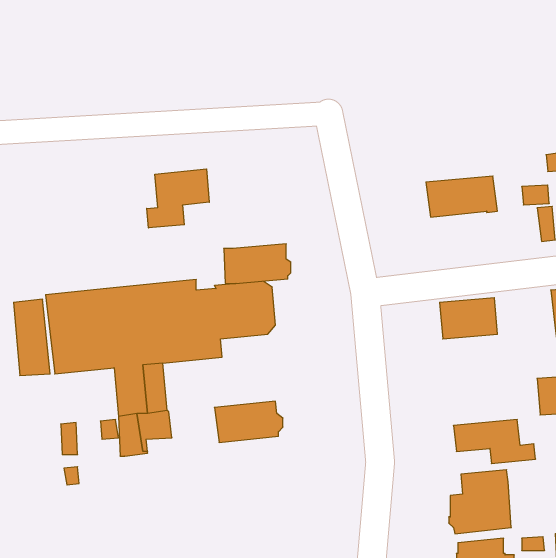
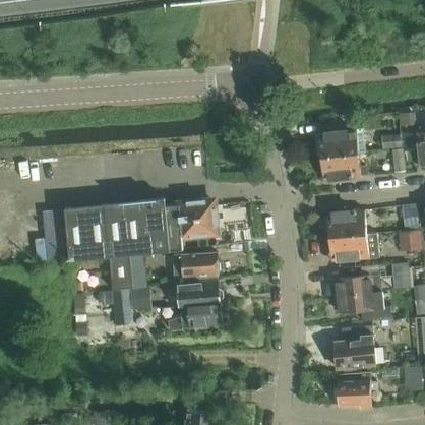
building: [147,169,209,228] -> none
building: none -> [321,153,367,180]
building: [224,244,291,283] -> [175,252,220,279]
building: none -> [329,234,380,261]
building: none -> [336,275,380,296]
building: none -> [171,303,225,329]

